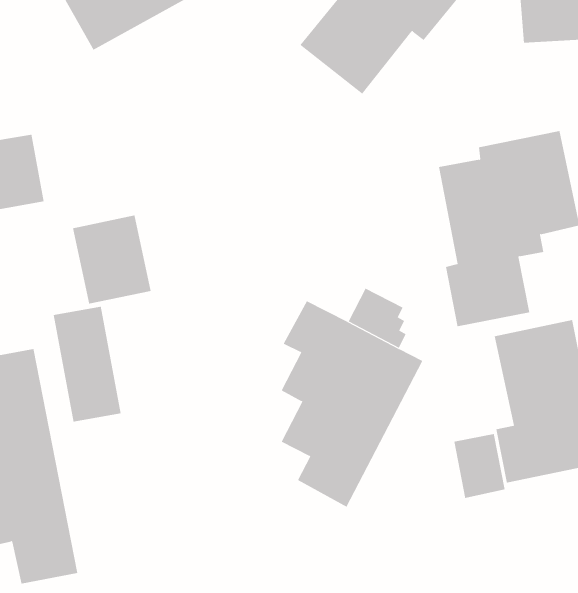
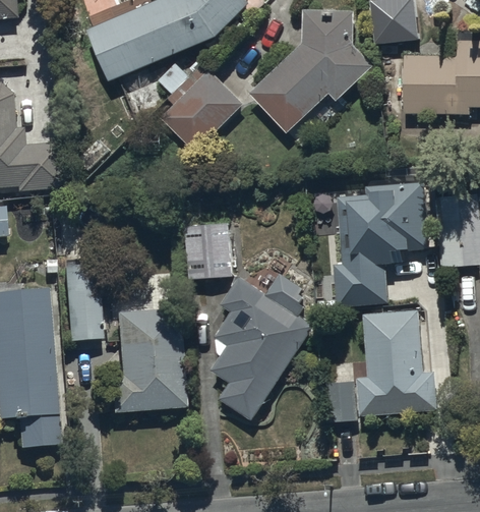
building: none -> [161,74,245,156]
building: [72,215,152,304] -> [183,222,232,279]
building: none -> [112,305,187,409]

